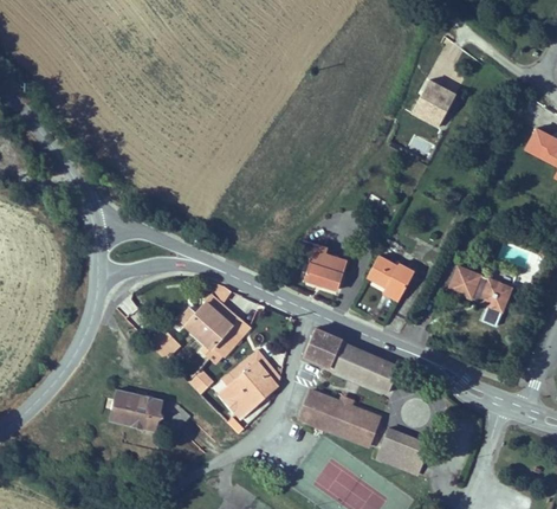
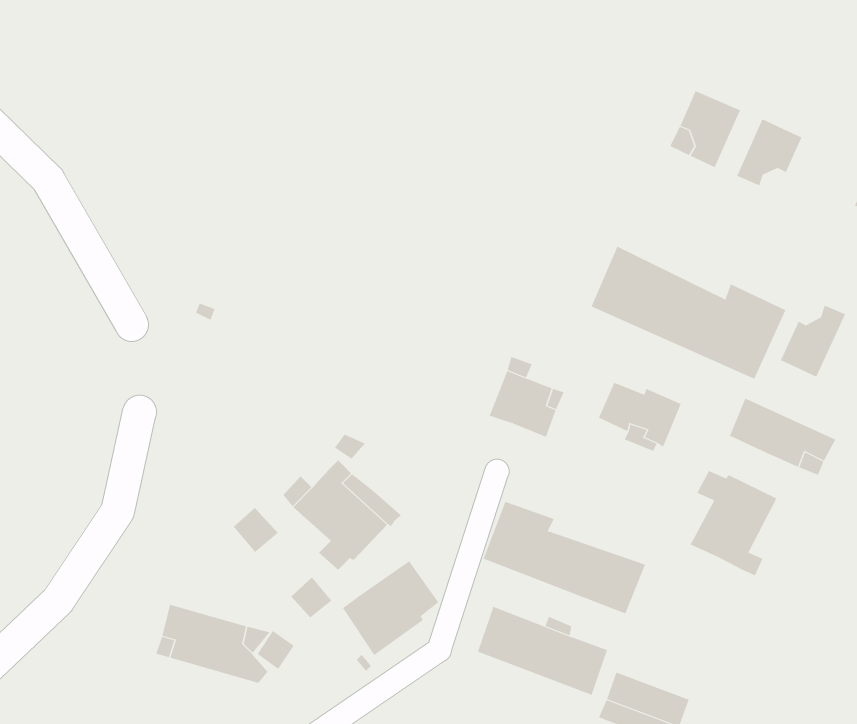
building: none -> [736,119,802,186]
building: none -> [591,246,786,380]
building: none -> [780,305,846,378]
building: none -> [690,470,777,576]
building: [222,350,280,386] -> none

